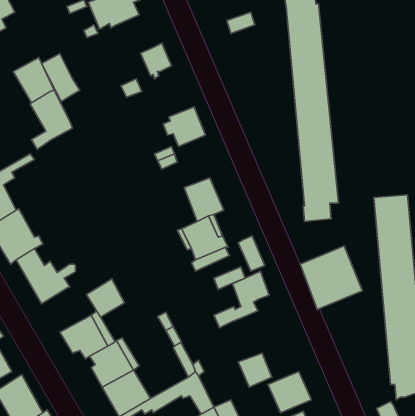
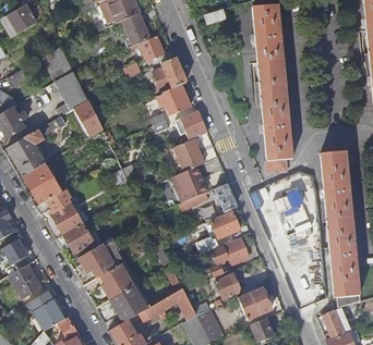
building: none -> [121,13,149,46]
building: [42,53,80,102] -> [73,100,103,137]
building: none -> [152,57,186,91]
building: none -> [179,110,207,138]
building: [86,279,125,317] -> [63,223,93,252]
building: none -> [209,238,249,278]

